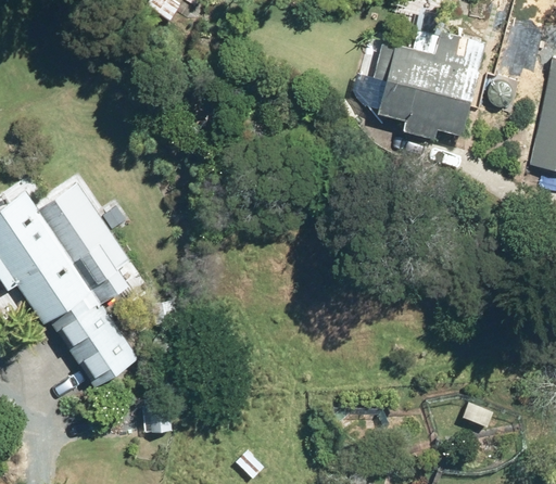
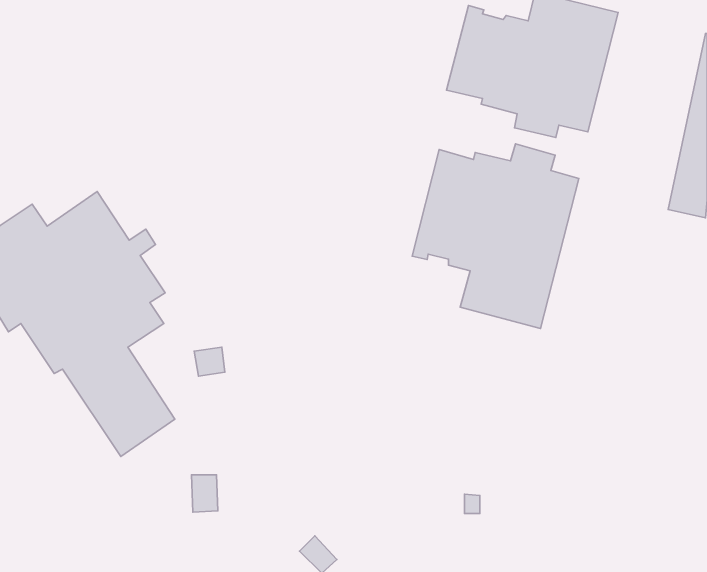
building: none -> [412,144,579,328]

